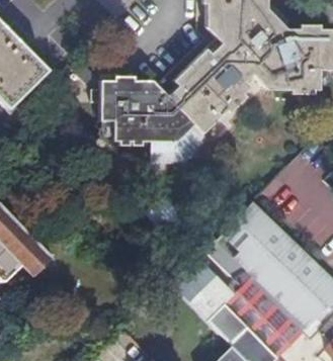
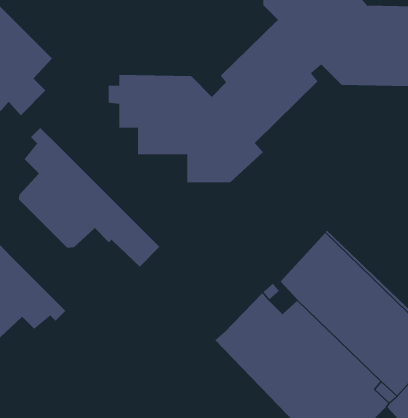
building: none -> [18,127,160,267]

